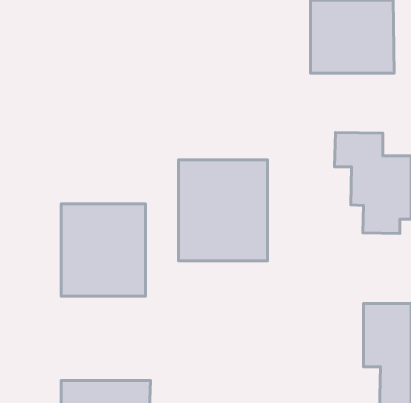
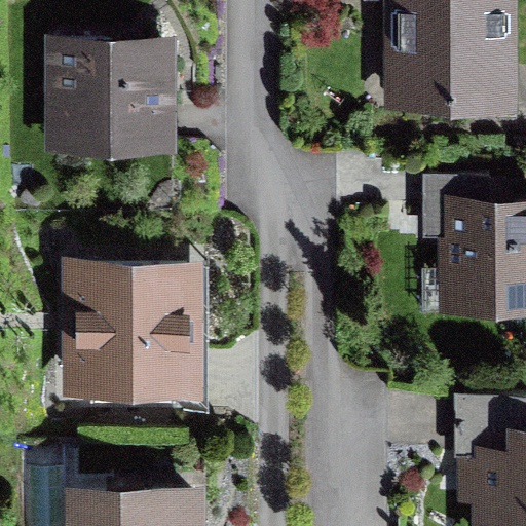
building: none -> [57,42,163,149]
building: [178,160,268,261] -> none

